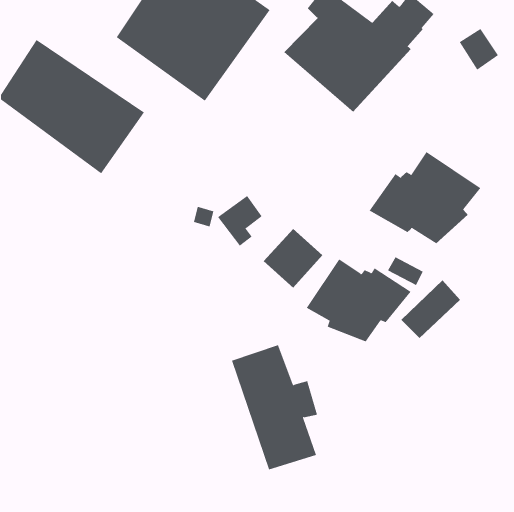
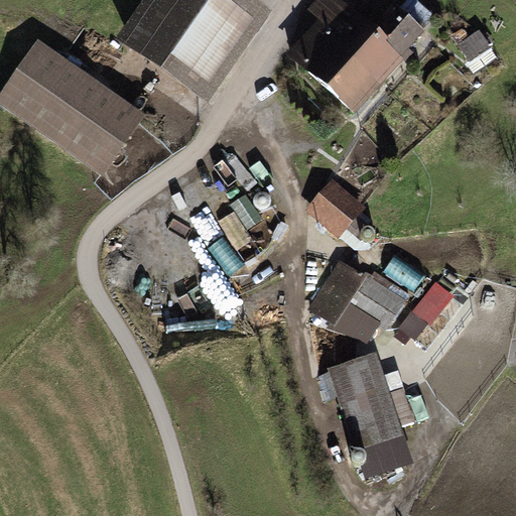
building: [369,151,481,244] -> none
building: [263,228,323,288] -> [302,178,363,239]
building: [231,344,318,470] -> [328,351,414,477]

